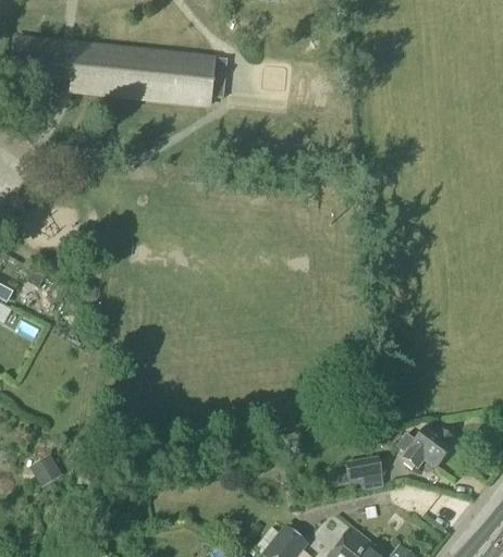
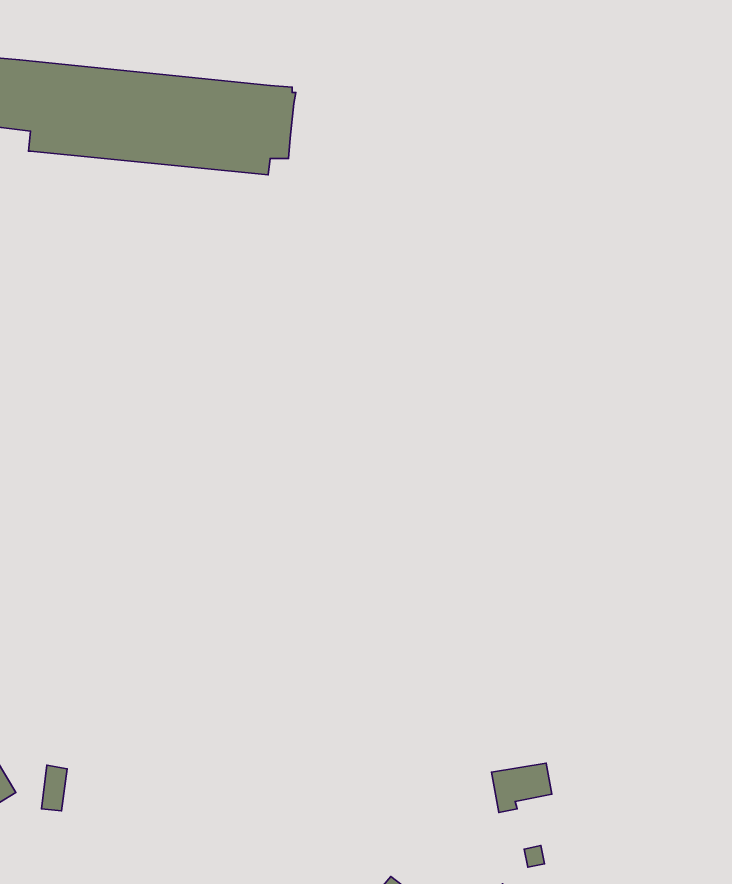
building: [395,429,451,469] -> none

